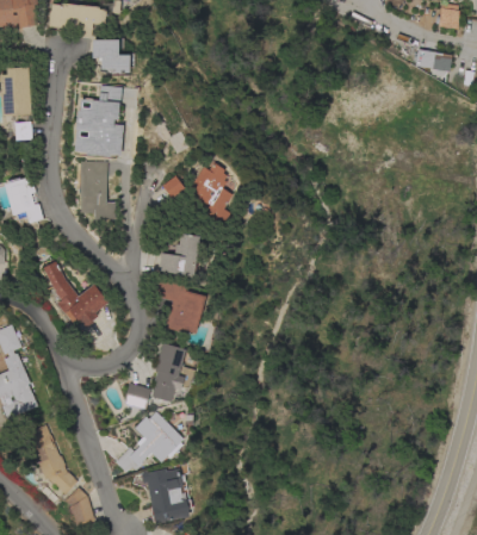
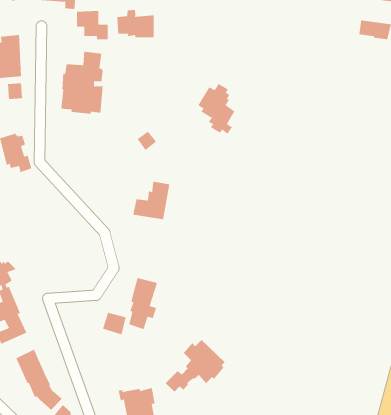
building: none -> [117,9,154,38]
building: [80,161,116,220] -> none
building: [190,163,233,222] -> [197,83,235,135]
building: [43,262,107,326] -> none
building: [156,280,206,334] -> none
building: [114,412,184,473] -> [165,339,226,393]

